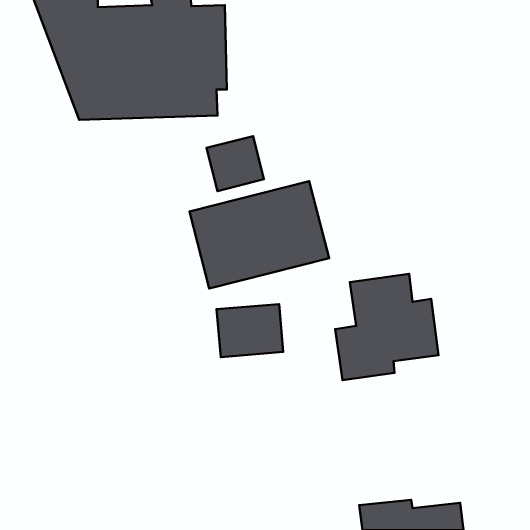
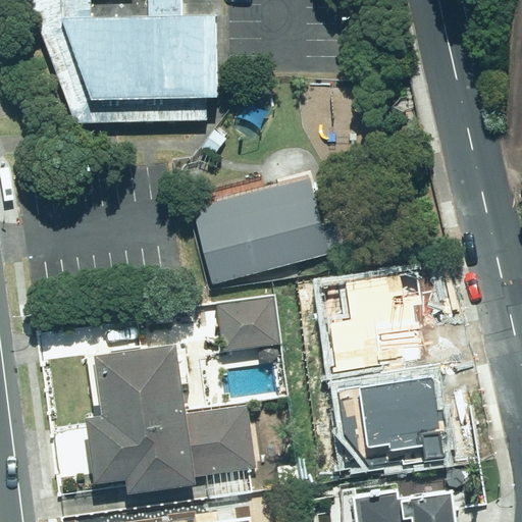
building: [207,136,264,191] -> none
building: none -> [82,348,253,500]
building: none -> [337,373,450,465]

